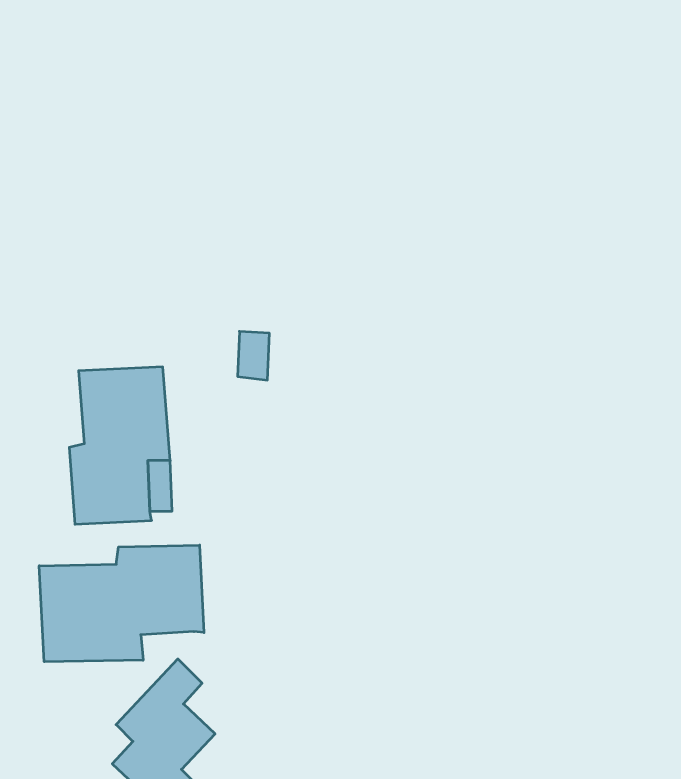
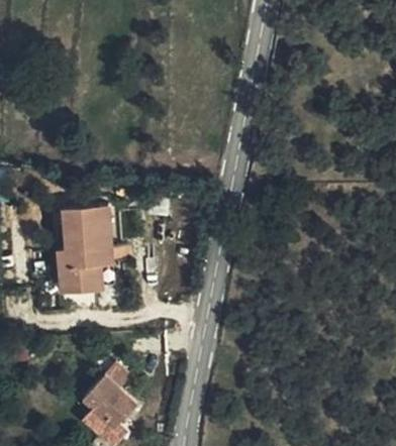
building: [39,545,204,662] -> none

